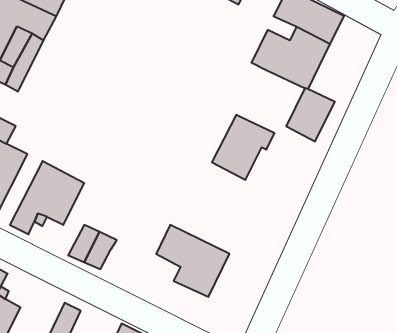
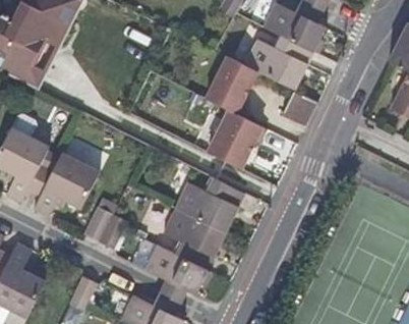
building: none -> [206,57,256,114]
building: none -> [173,179,243,234]
building: none -> [142,248,207,296]

